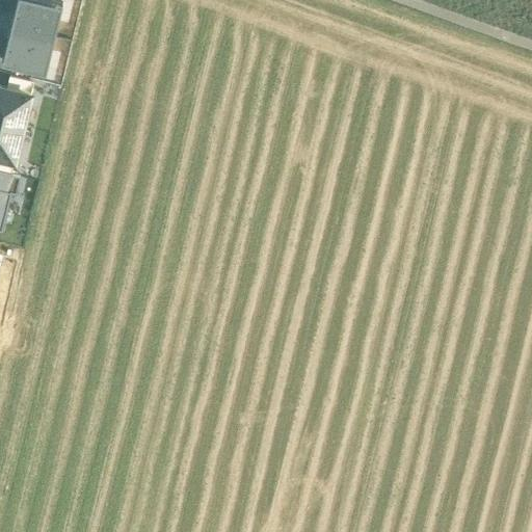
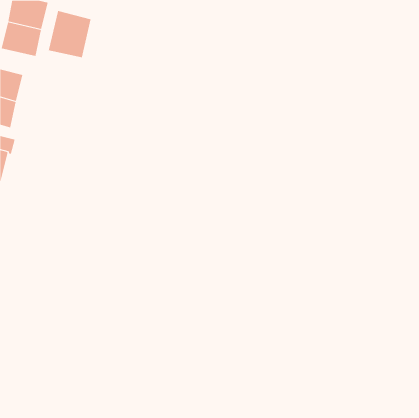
building: none -> [48,10,91,58]

